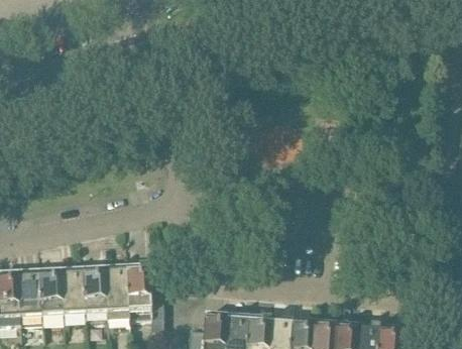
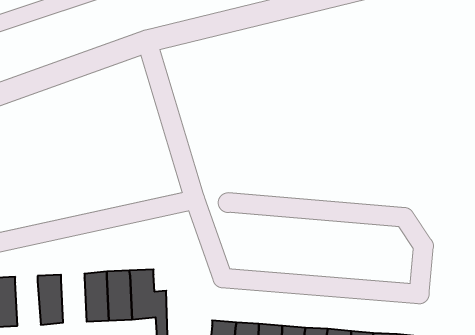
building: [62,268,86,315] -> none
building: [18,270,42,318] -> none

